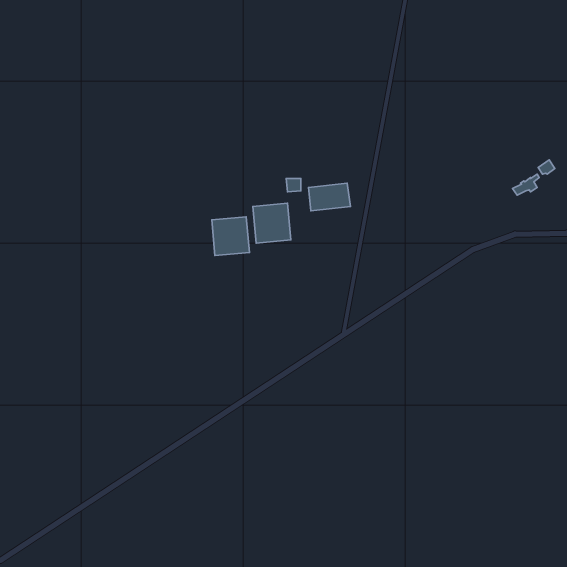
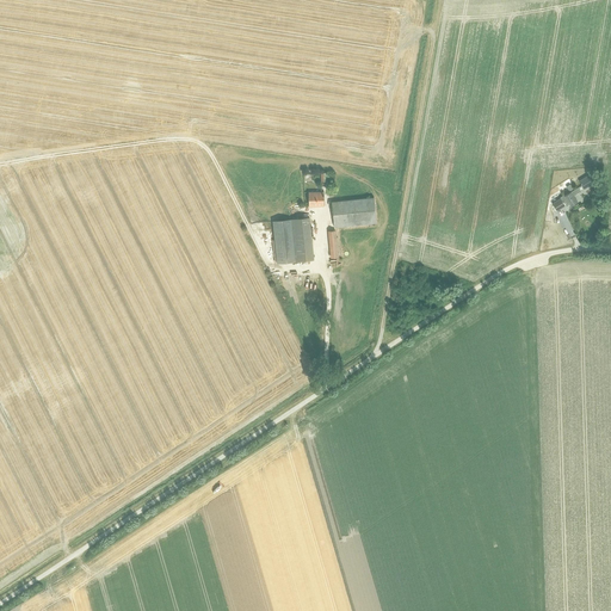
building: [212,217,249,256] -> none

